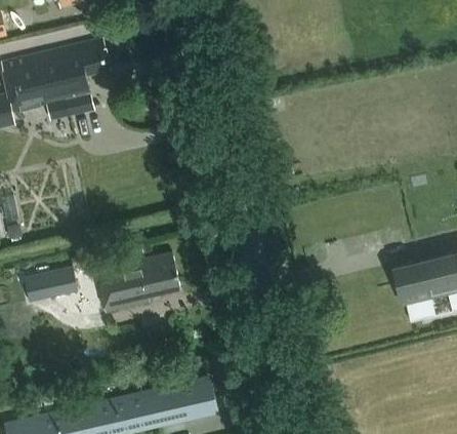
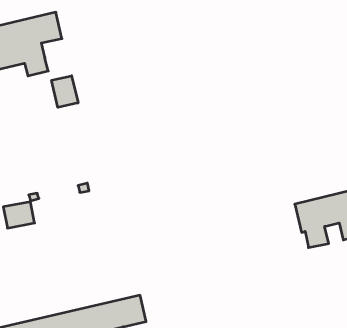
building: none -> [52,76,78,107]
building: [94,252,179,313] -> none

